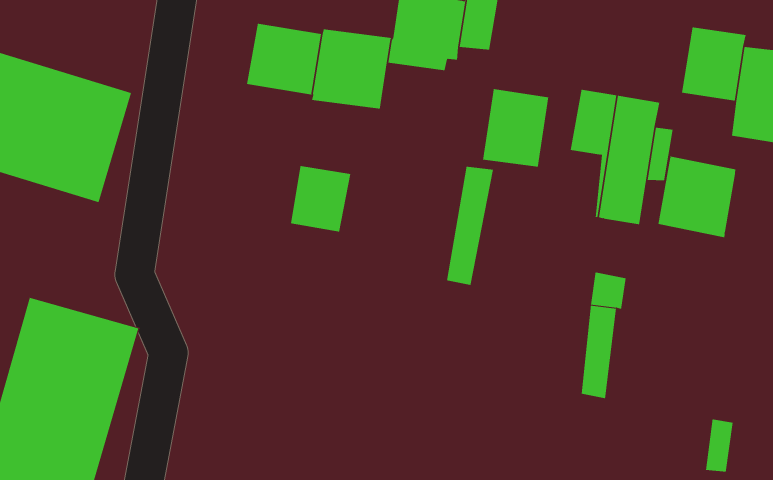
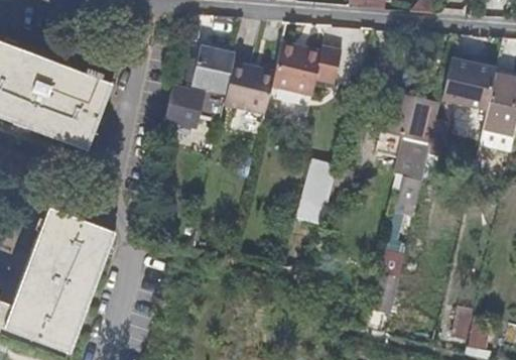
building: [482,88,549,168] -> none
building: [658,155,736,238] -> none
building: [290,166,351,232] -> [166,87,206,129]

